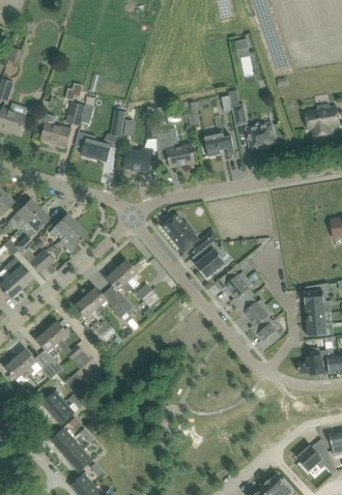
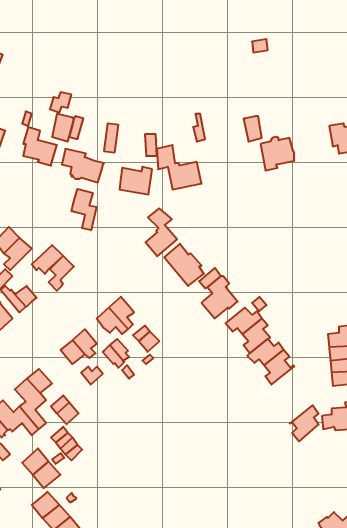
building: [203,132,234,155] -> none
building: none -> [72,189,97,230]
building: none -> [146,208,177,256]
building: [255,319,280,350] -> [290,405,319,441]

